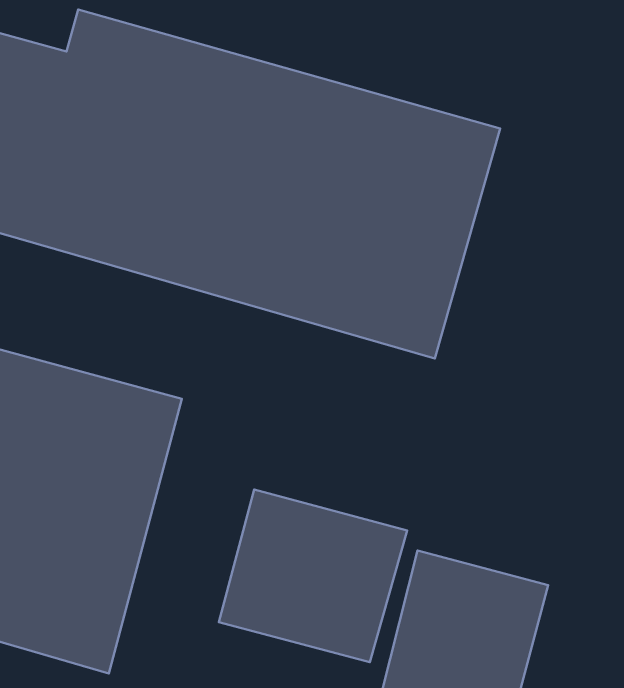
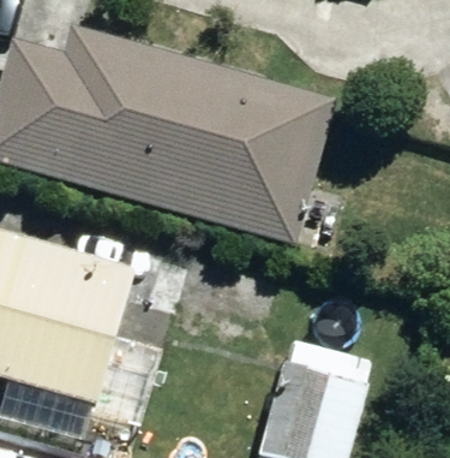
building: [219,489,407,662] -> none

